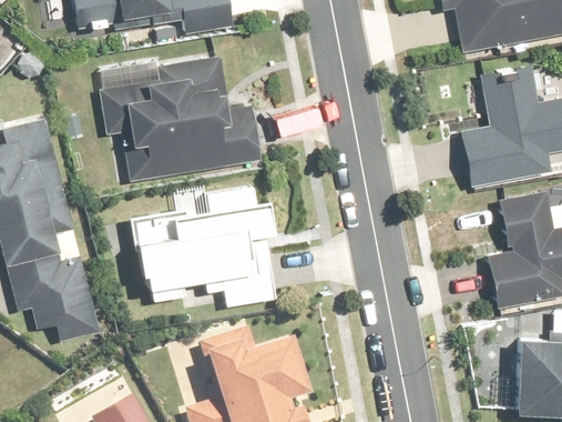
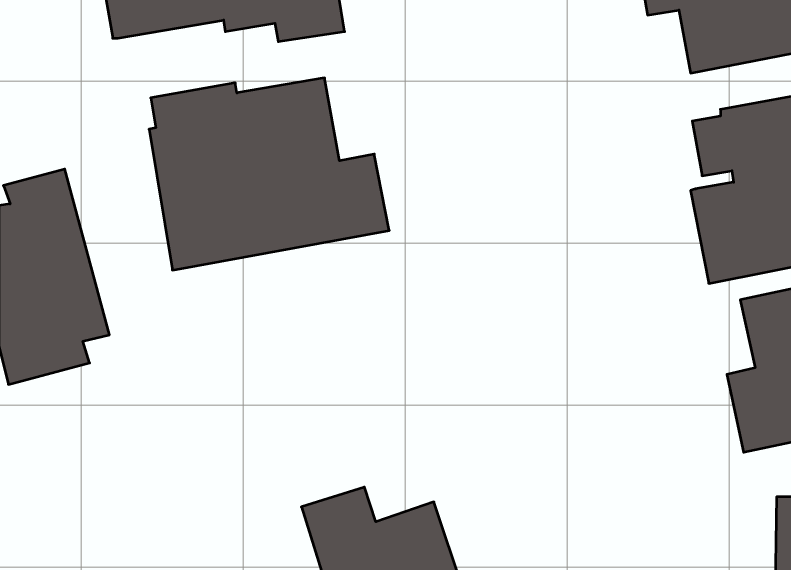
building: [136,191,276,307] -> none
building: [7,252,102,343] -> none

